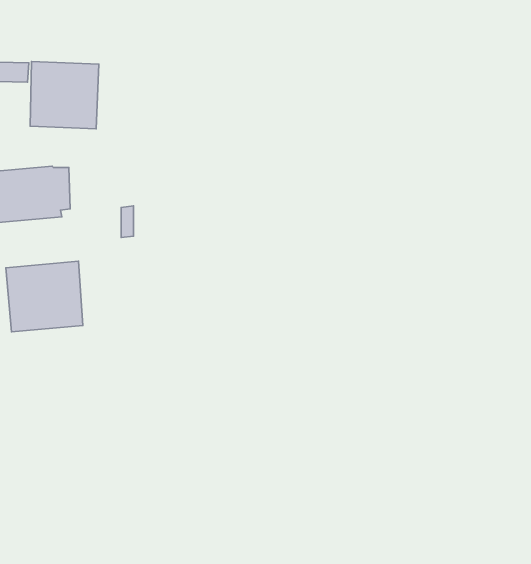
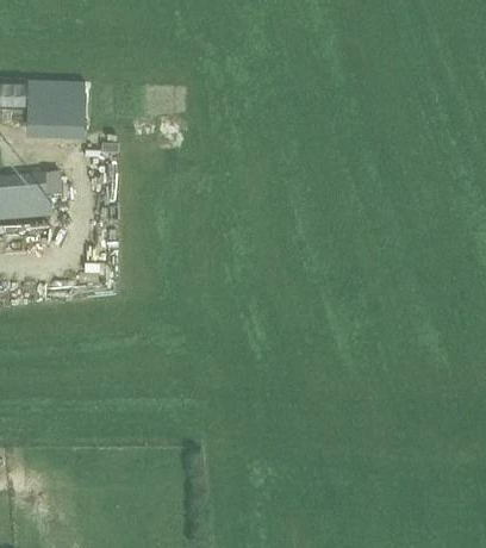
building: [6,261,83,332] -> none

